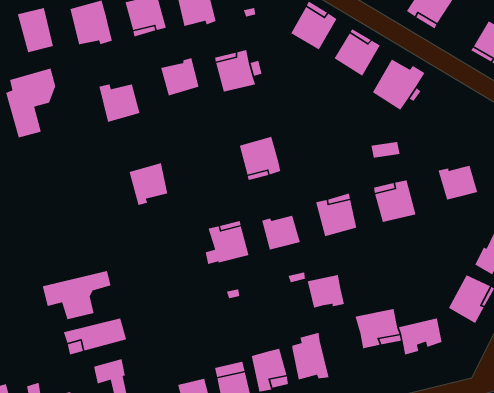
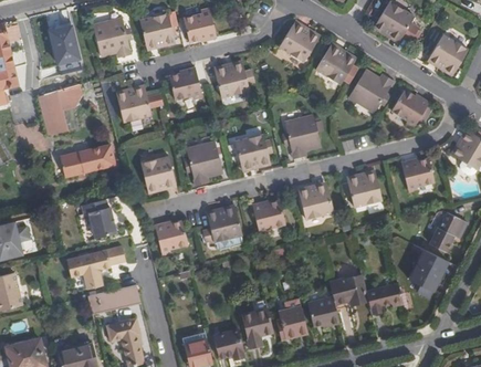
building: none -> [389,87,427,123]
building: none -> [282,113,317,156]
building: none -> [185,139,222,182]
building: none -> [59,143,114,176]
building: none -> [81,198,117,237]
building: none -> [156,219,190,249]
building: [307,274,345,308] -> [309,298,341,327]

